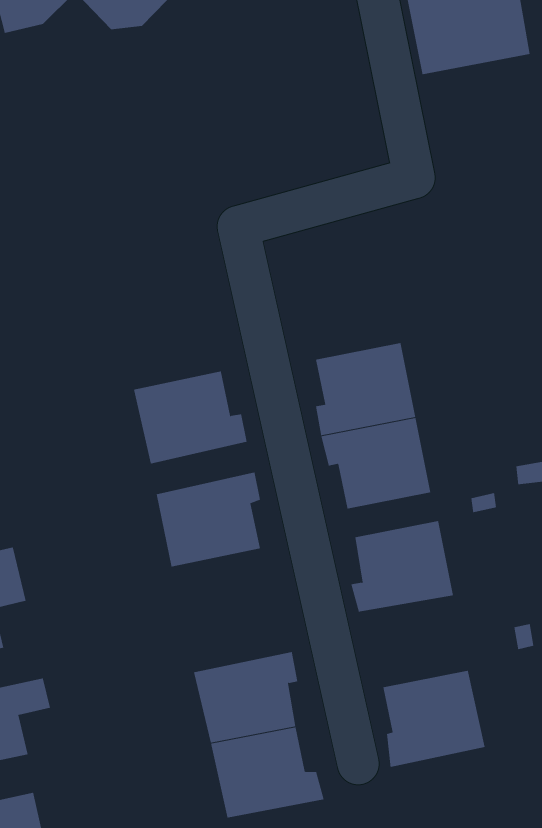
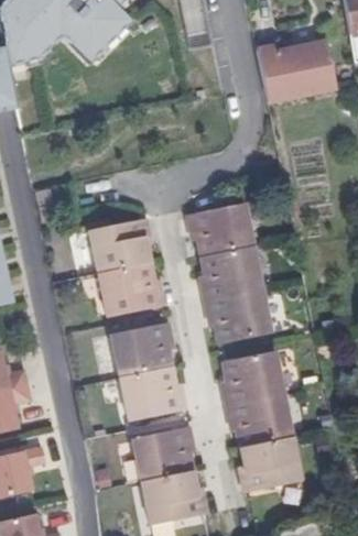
building: none -> [188,203,253,258]
building: none -> [87,219,149,275]
building: none -> [118,369,186,426]
building: none -> [228,396,293,450]

